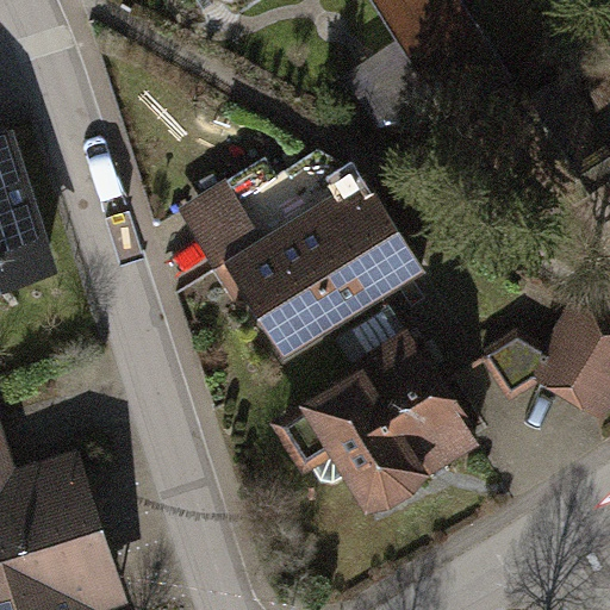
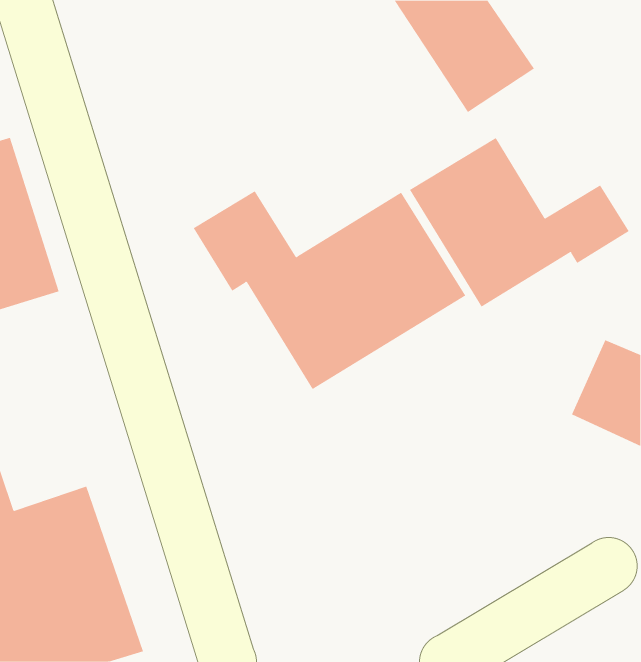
building: none -> [409,137,630,307]
building: [273,332,484,516] -> none

